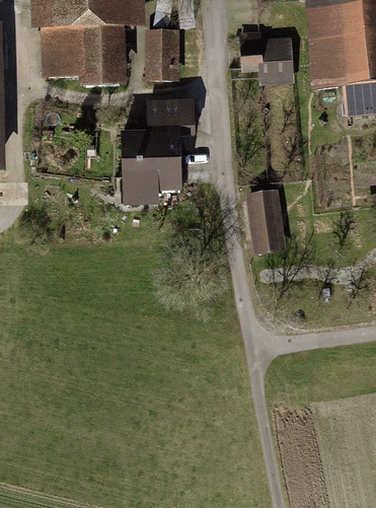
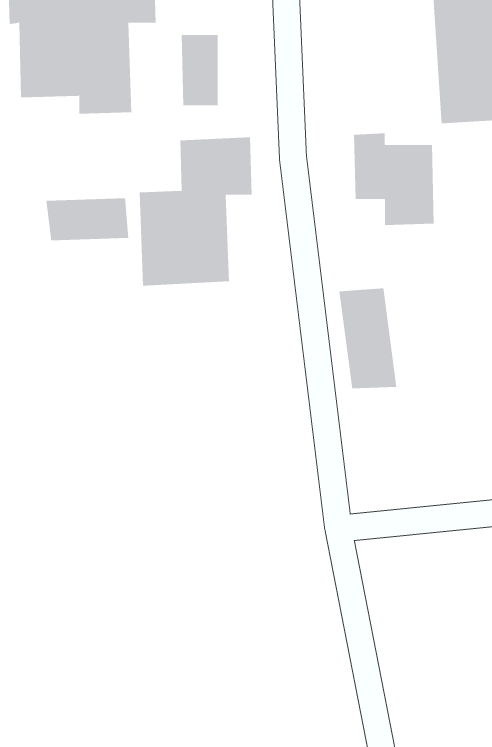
building: [242,30,293,88] -> [353,133,434,226]
building: none -> [46,197,129,241]

